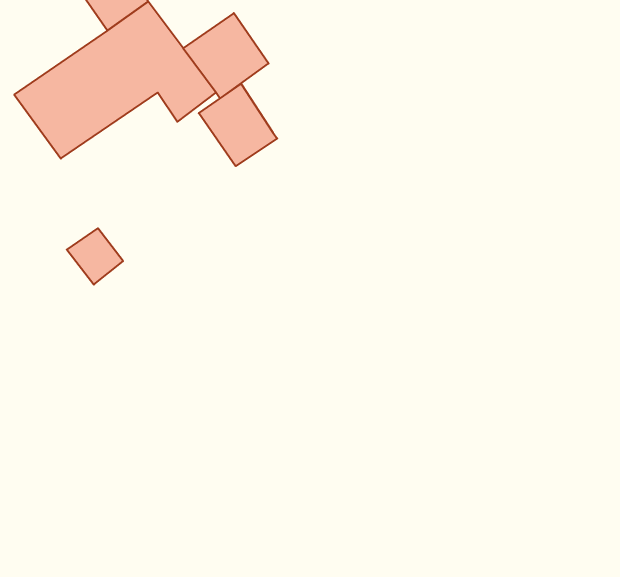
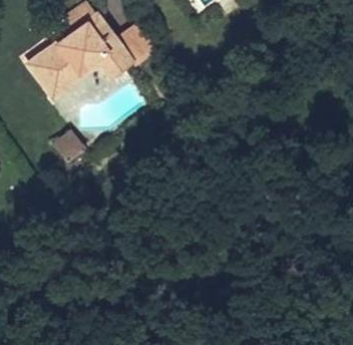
building: [199,84,277,166] -> none

